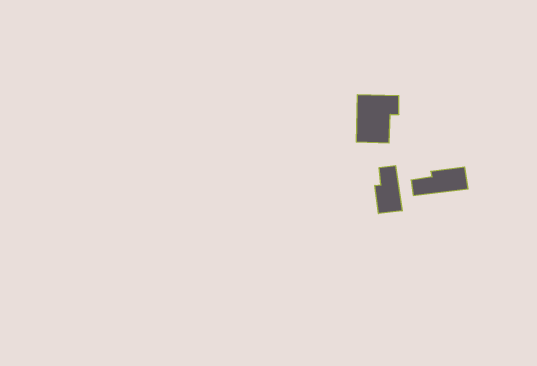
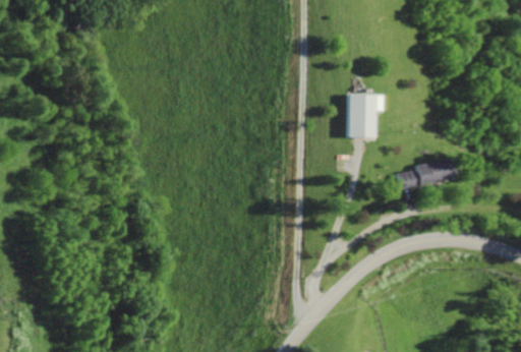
building: [375,166,402,214] -> none

